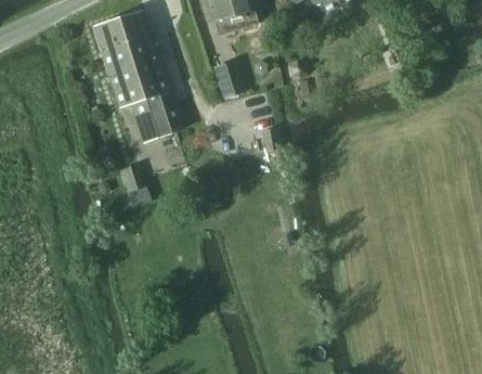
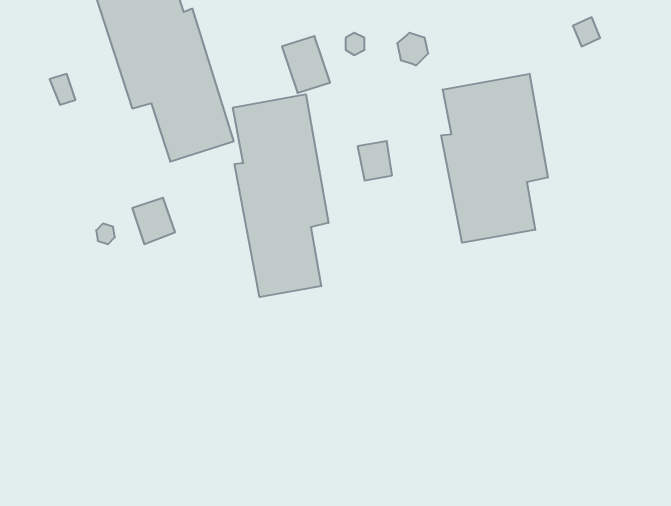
building: none -> [441,74,548,243]
building: none -> [233,94,329,297]

